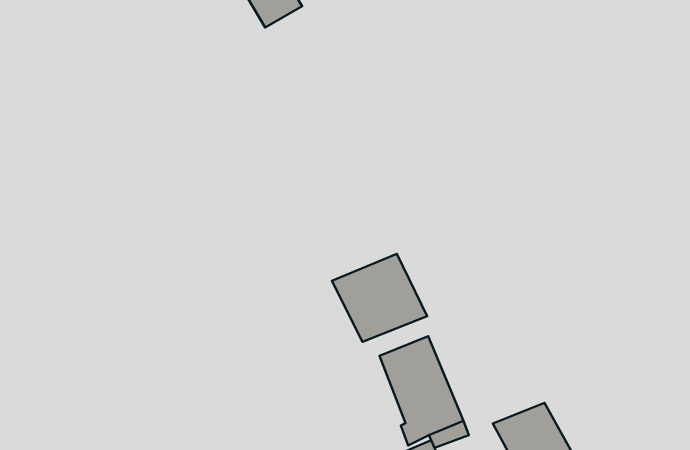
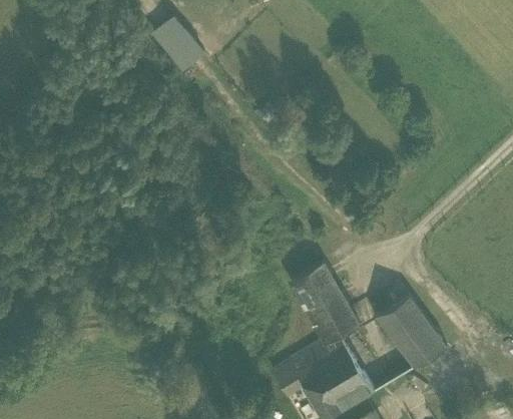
building: [332,254,427,342] -> none

